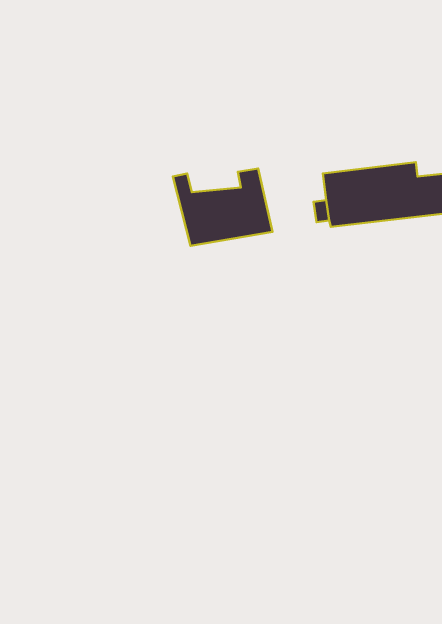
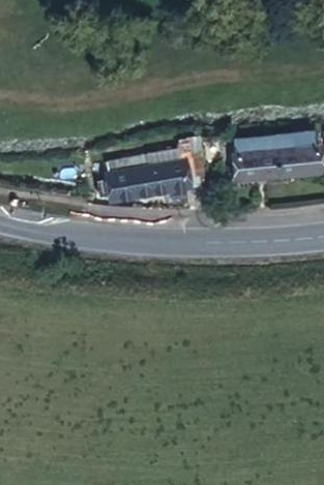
building: none -> [104,151,147,203]

